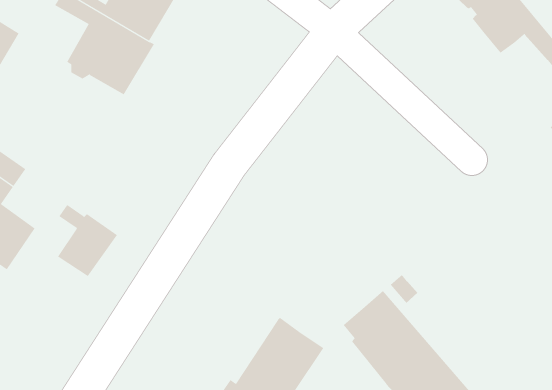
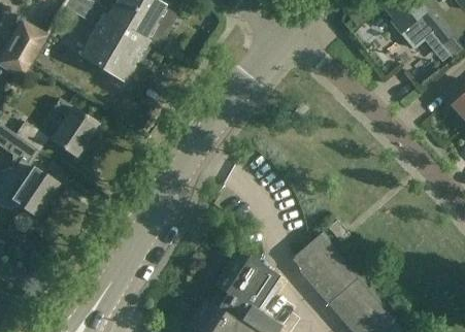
building: [57,204,118,277] -> [52,100,98,156]

